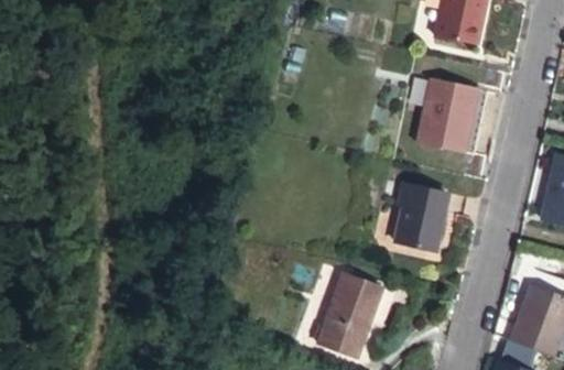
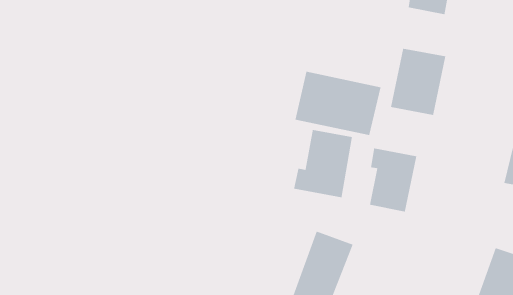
building: none -> [295,71,381,136]
building: none -> [294,129,353,198]

